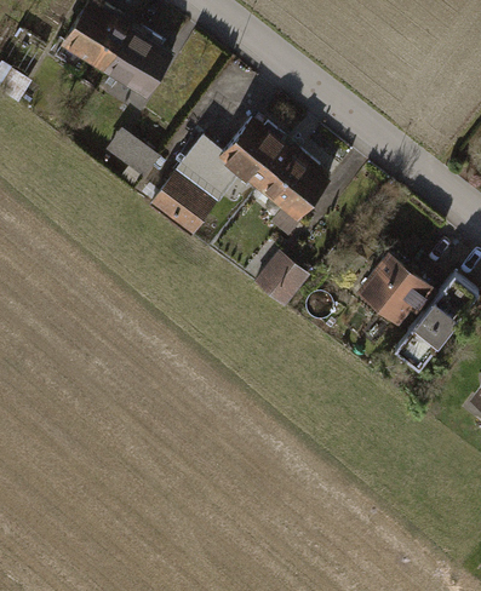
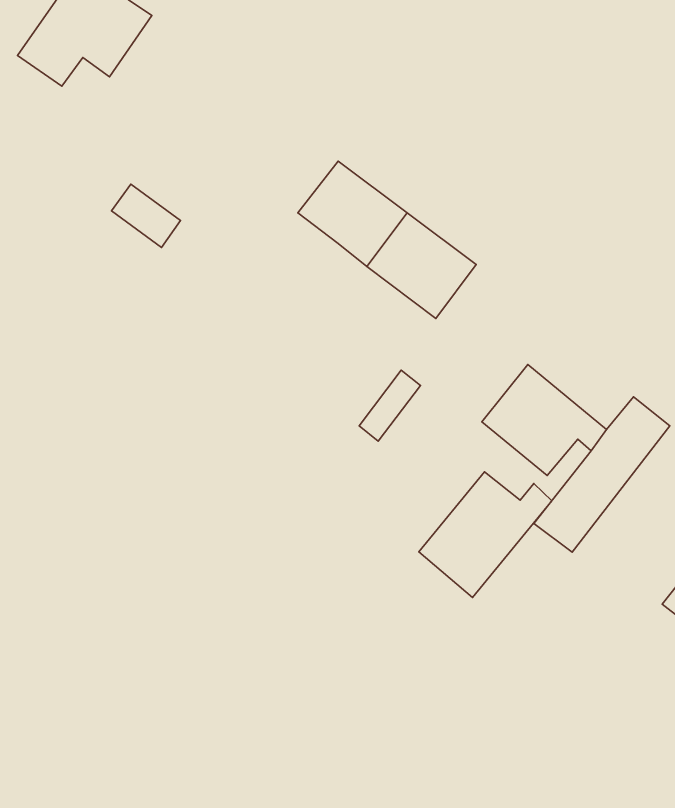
building: [116,30,188,101] -> none
building: [160,139,260,245] -> none
building: none -> [419,472,552,597]

